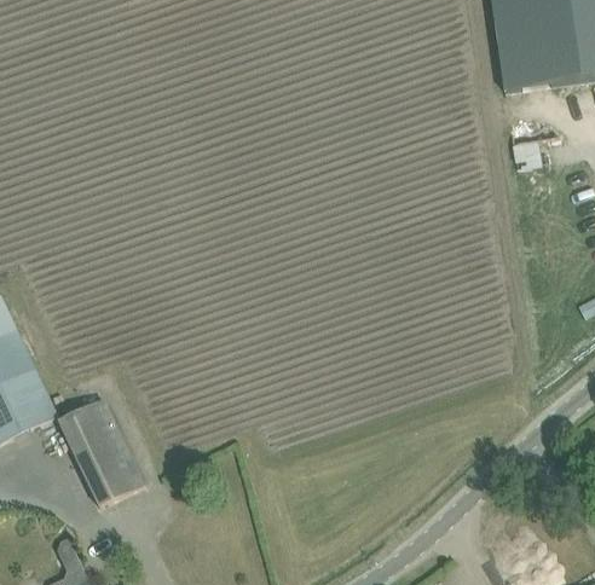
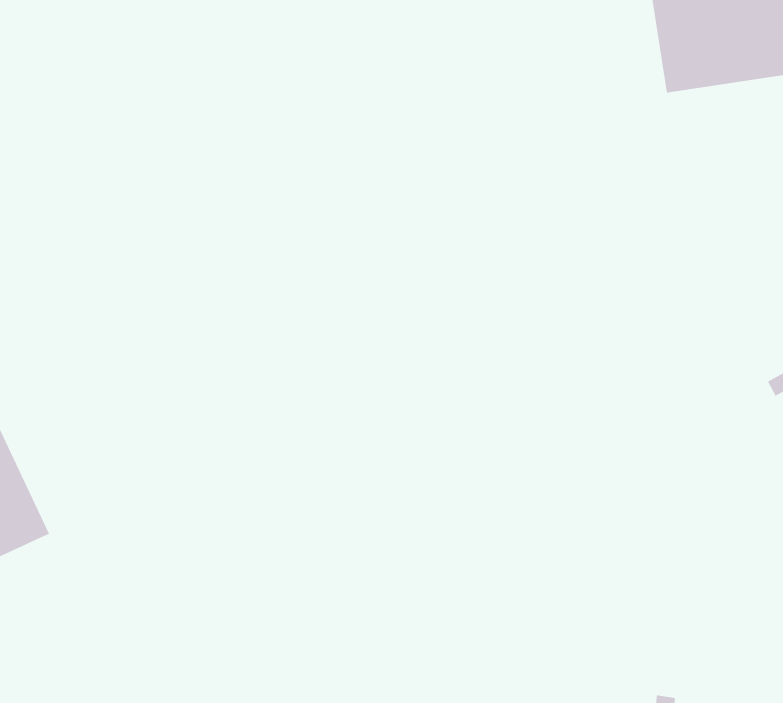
building: [62,399,143,505] -> none

